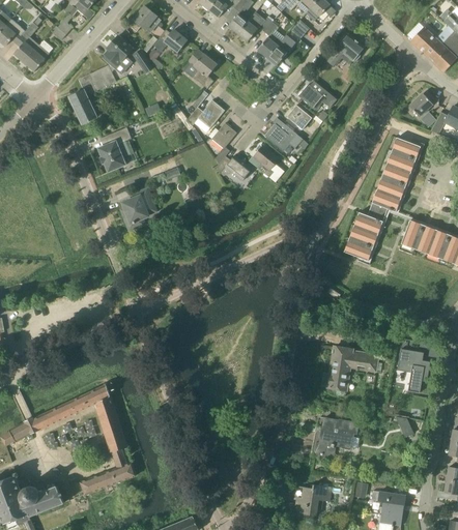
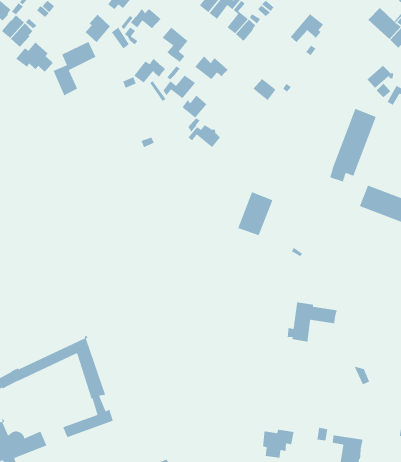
building: none -> [15,41,54,73]
building: none -> [133,58,166,83]
building: [298,84,337,110] -> none
building: [265,123,303,150] -> [194,55,229,80]
building: [98,127,131,172] -> none
building: [254,145,279,177] -> none
building: [123,190,154,228] -> none
building: [344,211,383,260] -> [237,191,273,236]
building: [397,349,430,394] -> none
building: [311,416,357,454] -> none

